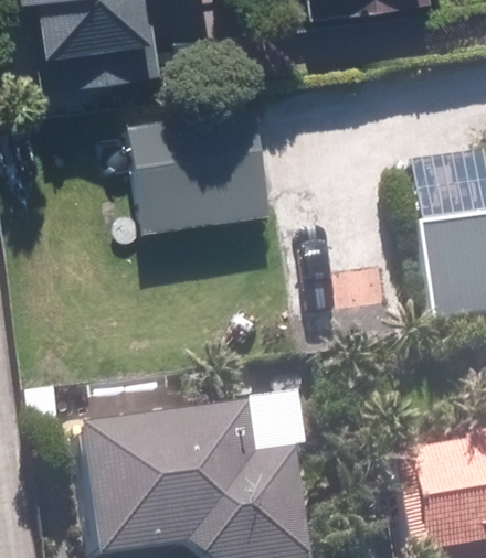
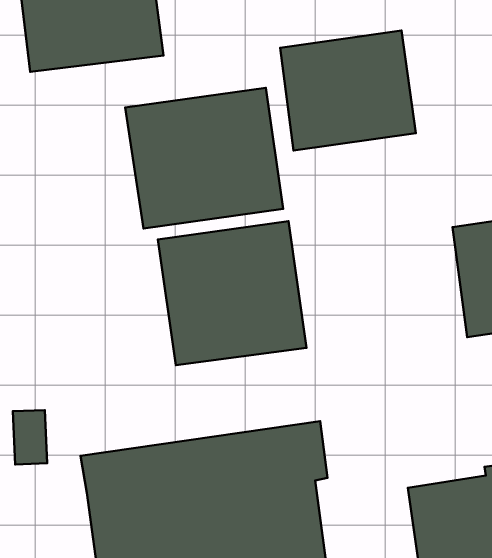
building: none -> [280,31,416,151]
building: none -> [158,221,307,365]

